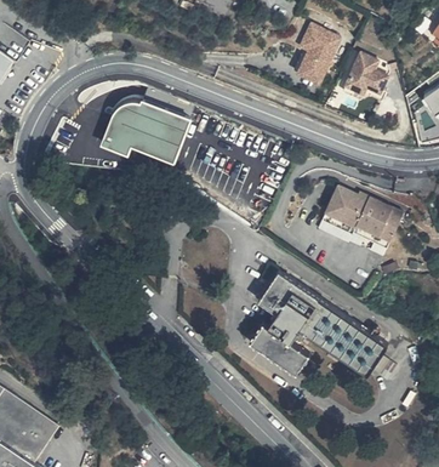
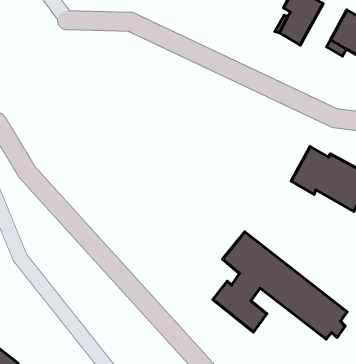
building: [101,98,192,163] -> none

